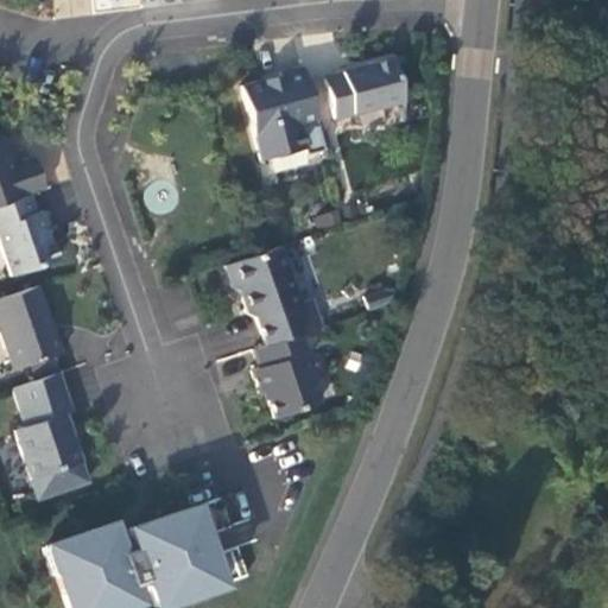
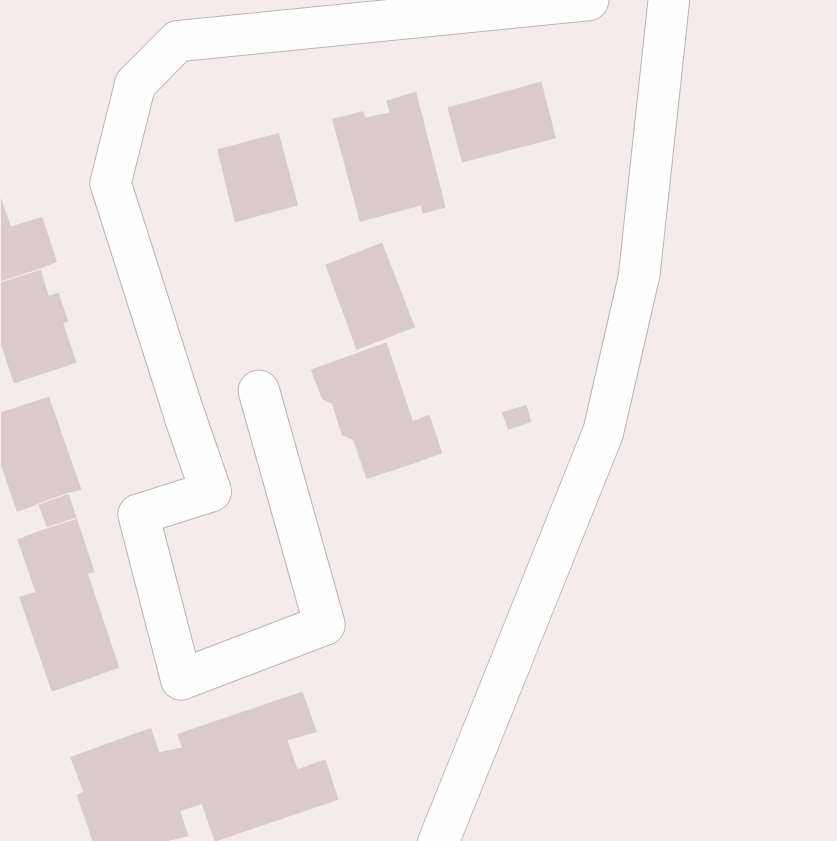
building: none -> [216,132,299,223]
building: none -> [324,242,416,351]
building: [253,335,323,419] -> none

